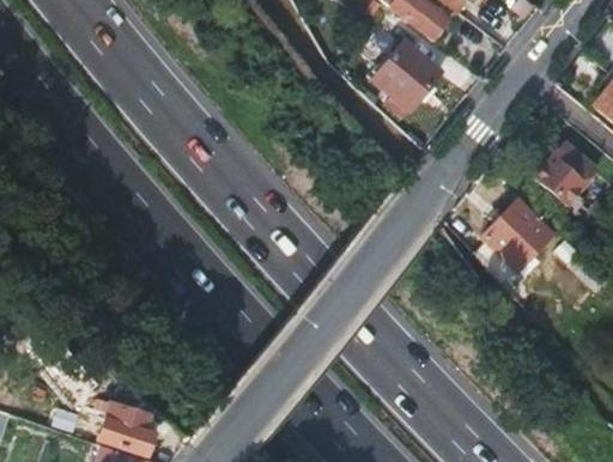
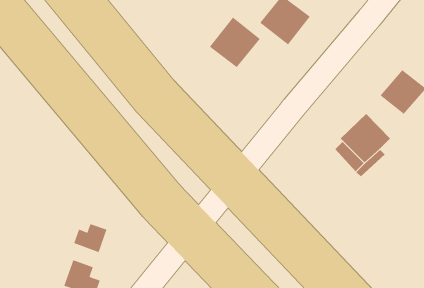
building: none -> [209,17,261,68]
building: none -> [73,223,108,253]

